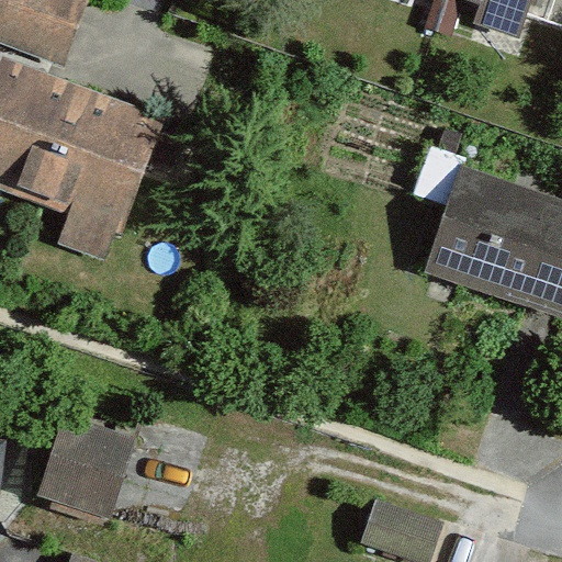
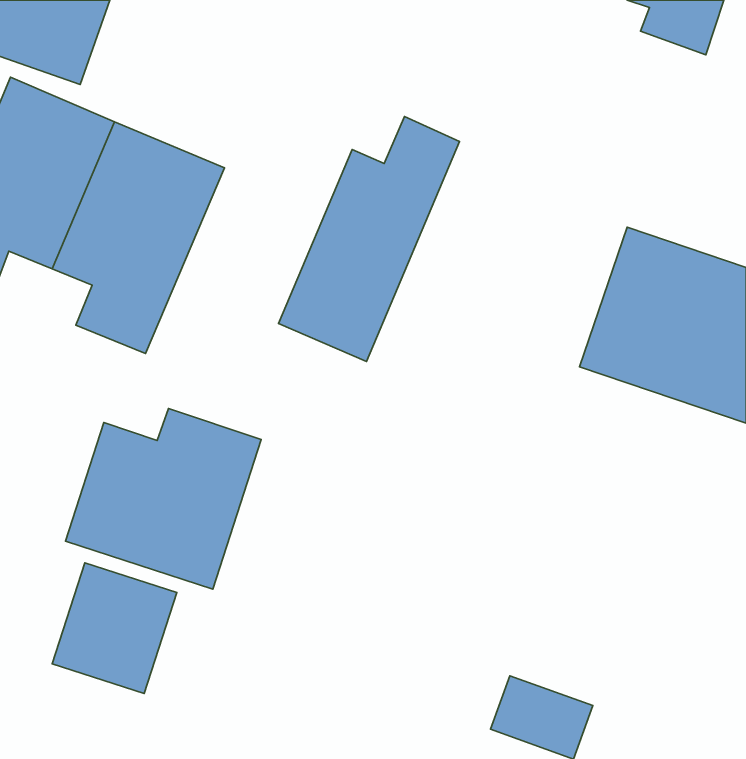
building: none -> [278,117,460,361]
building: none -> [66,408,261,589]

